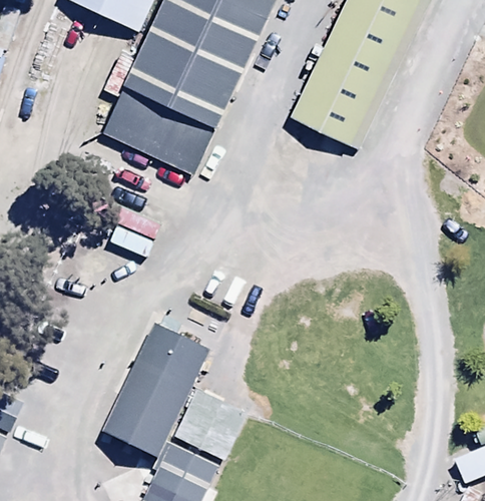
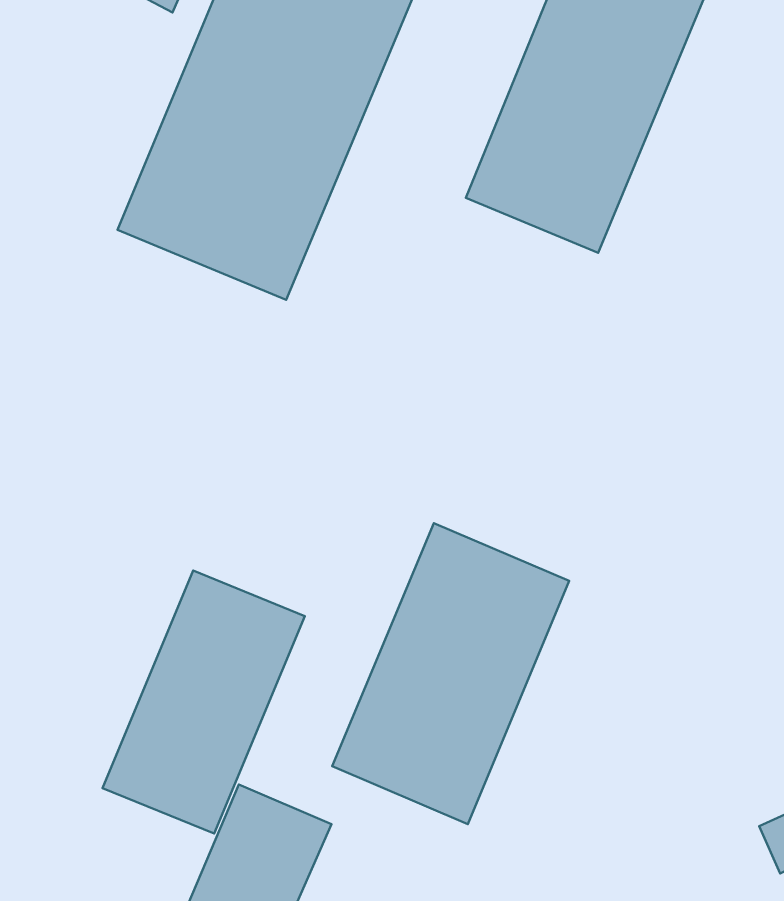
building: none -> [332,523,569,824]

